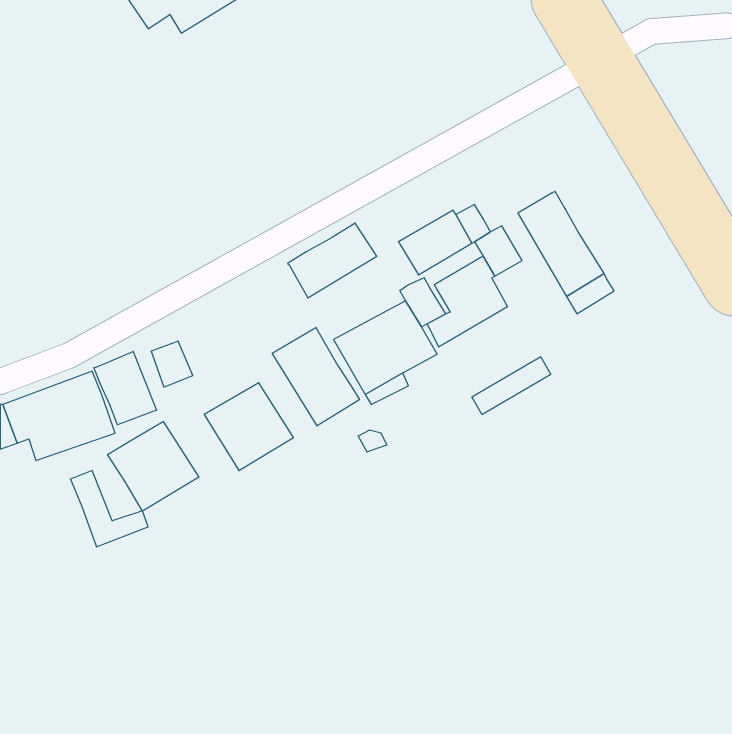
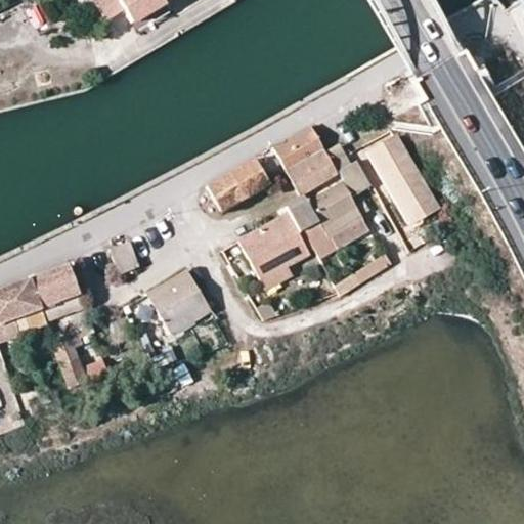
building: none -> [272,127,324,172]
building: [272,327,359,426] -> none
building: [94,351,157,425] -> none
building: [108,422,199,511] -> none

